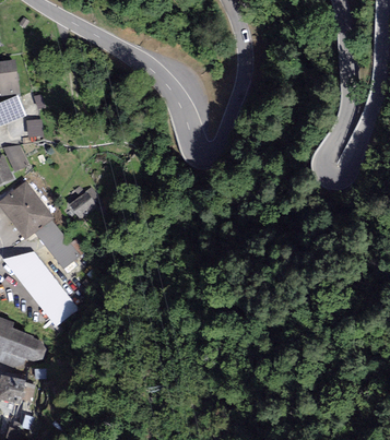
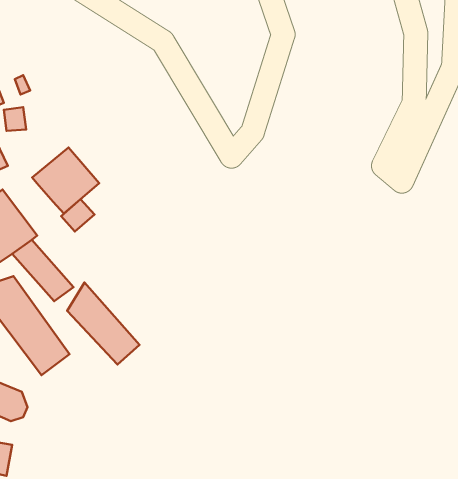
building: none -> [32,148,99,214]
building: none -> [67,283,140,365]

